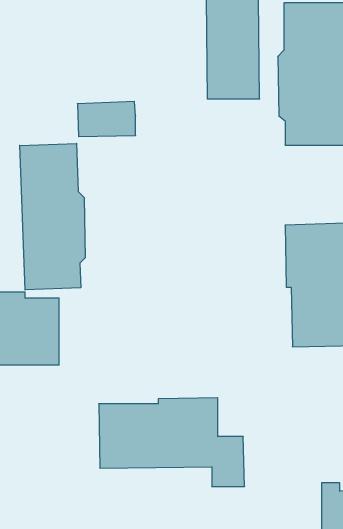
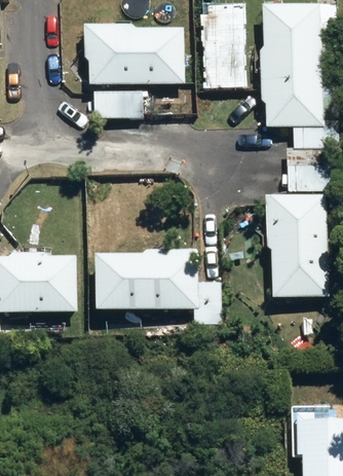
building: none -> [83,22,183,85]
building: [20,143,85,290] -> none
building: [99,398,245,486] -> [96,248,219,323]

